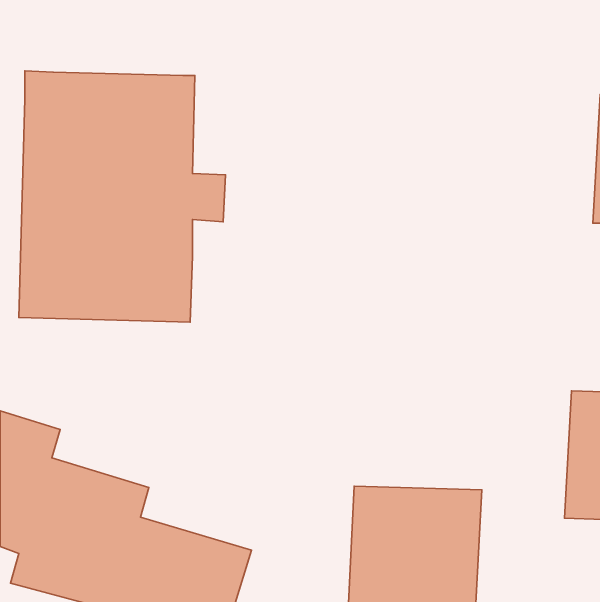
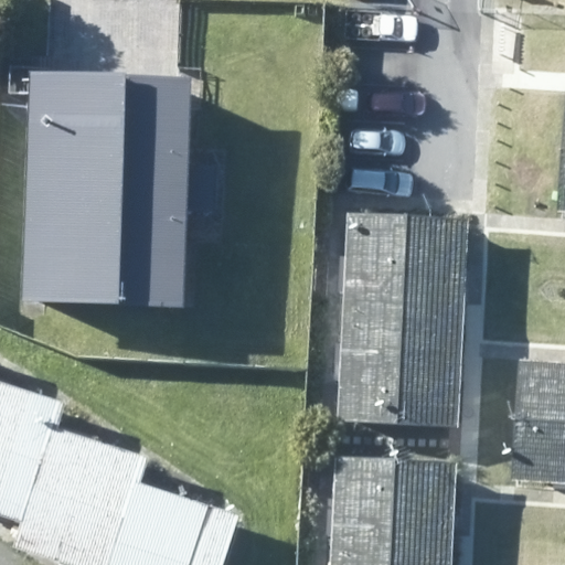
building: none -> [340,212,462,425]

